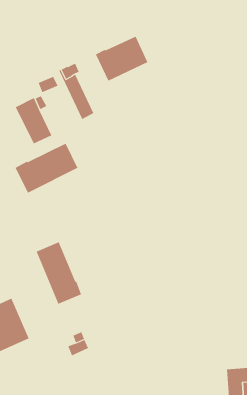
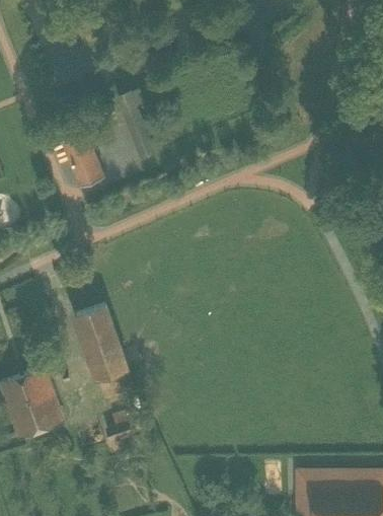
building: [95,36,148,82] -> none
building: [15,143,78,193] -> none

